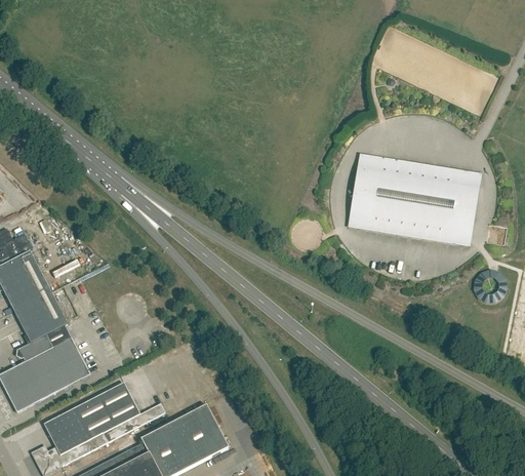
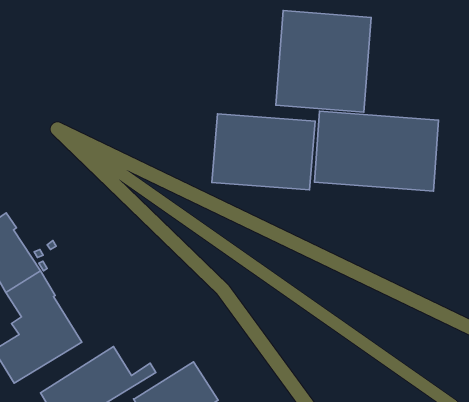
building: none -> [276,10,371,112]
building: none -> [212,114,315,190]

